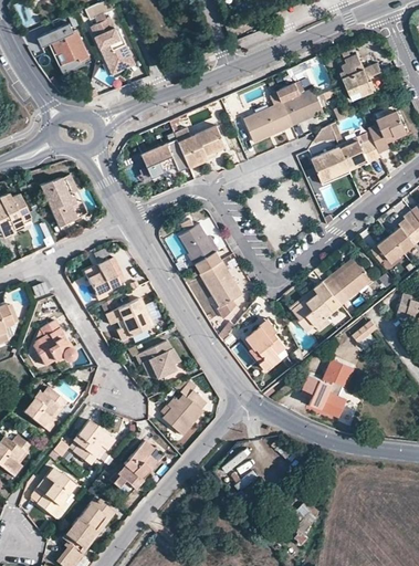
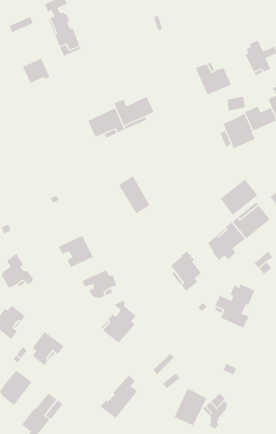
building: [53,32,88,64] -> [22,58,50,83]
building: [244,102,293,142] -> none
building: [38,174,77,226] -> none
building: none -> [220,179,258,216]
building: [85,258,126,301] -> none
building: [201,262,242,318] -> none
building: [109,441,157,496] -> [100,375,138,419]
building: none -> [174,388,207,426]

